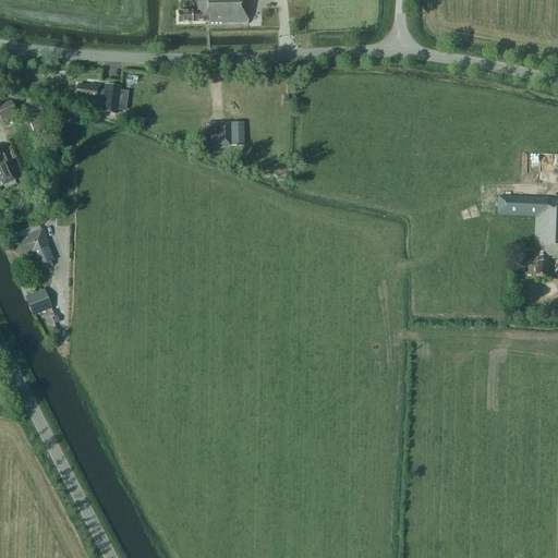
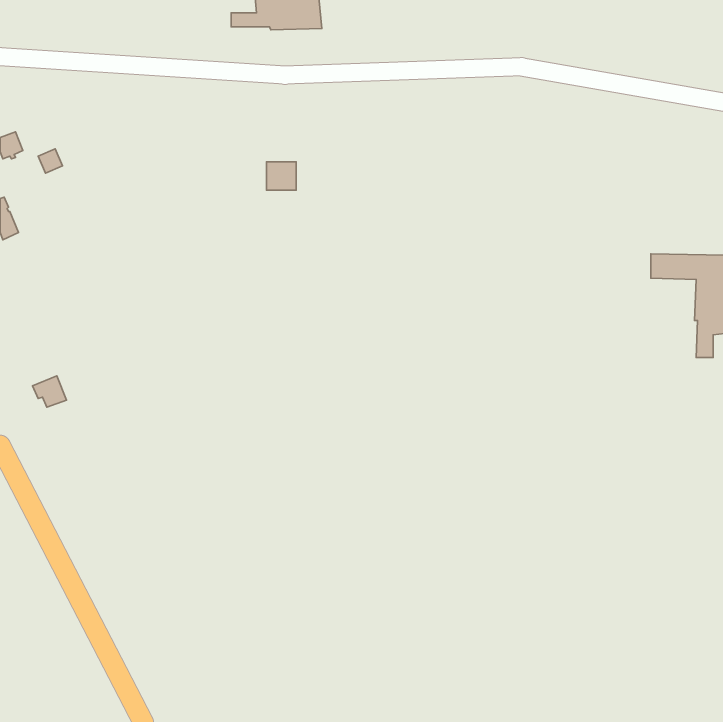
building: [76,81,119,111] -> none
building: [17,230,52,267] -> none

